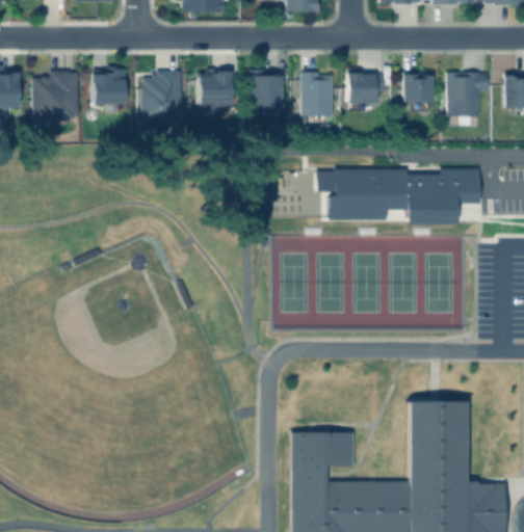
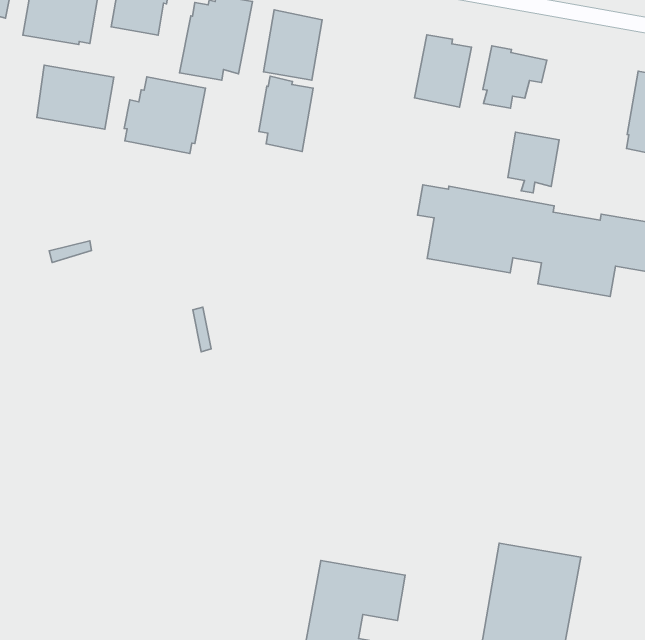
building: [252,68,283,114] -> [259,76,313,152]
building: [403,70,434,108] -> [508,132,559,193]
building: none -> [124,77,206,154]
building: none -> [37,65,114,129]

